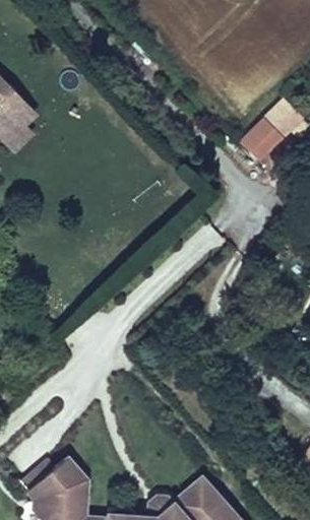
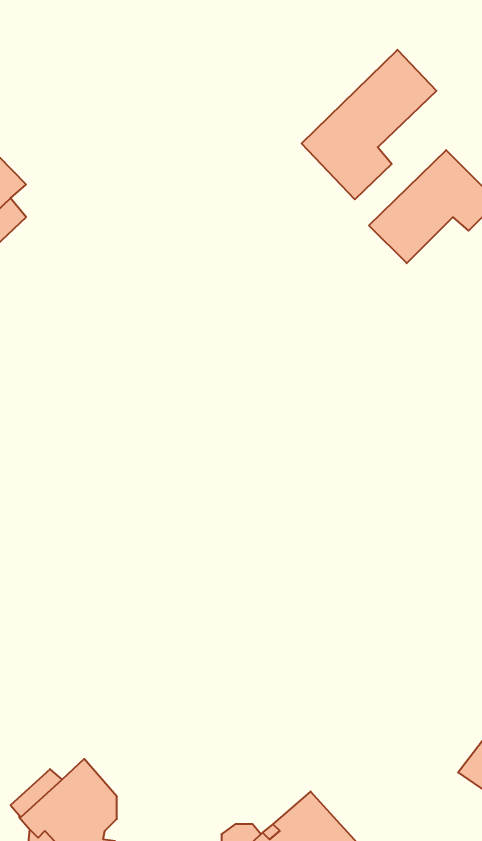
building: none -> [302,50,436,199]

